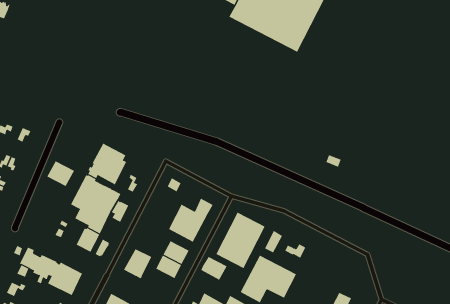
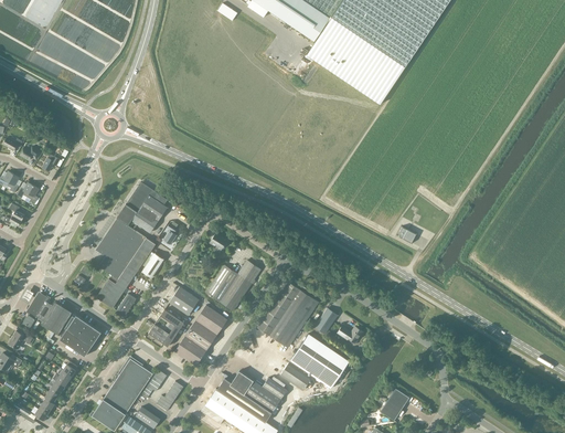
building: [46,160,75,187] -> none
building: none -> [169,286,199,315]
building: [200,256,227,280] -> [174,336,206,366]

